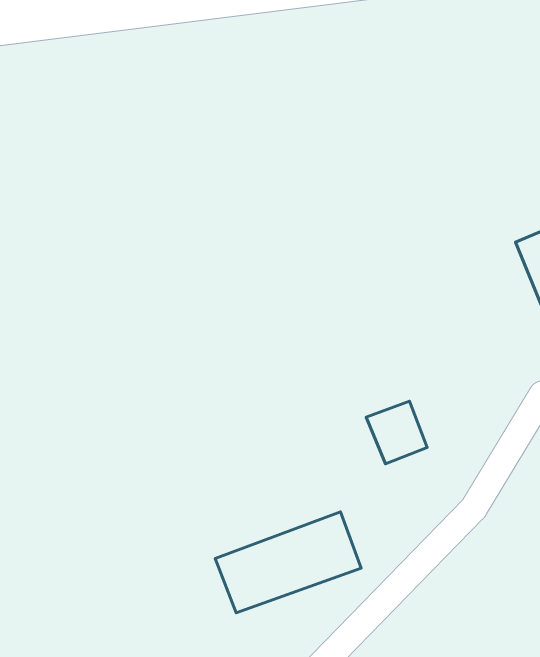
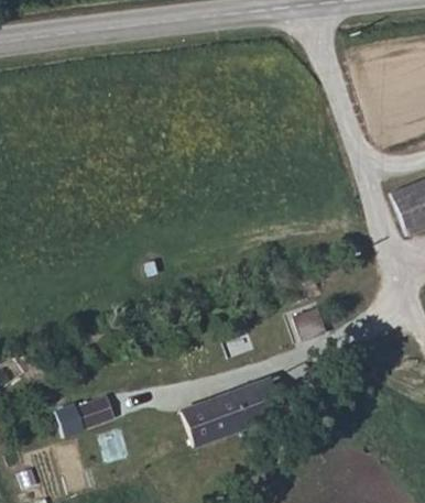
building: none -> [57,395,119,436]

